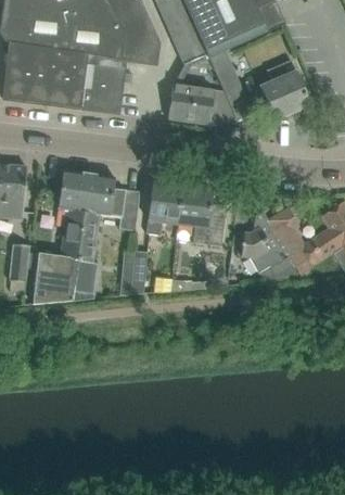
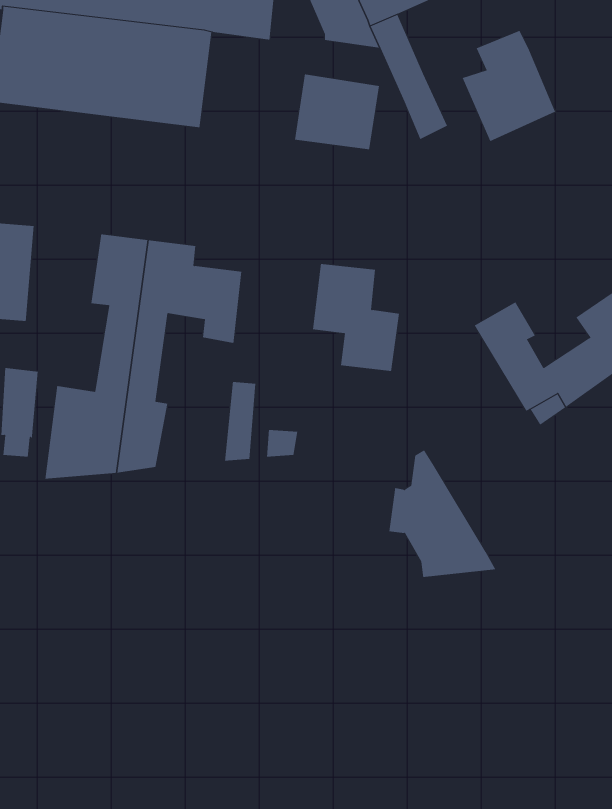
building: [146,183,182,234] -> none
building: [241,212,299,281] -> [388,450,496,577]

